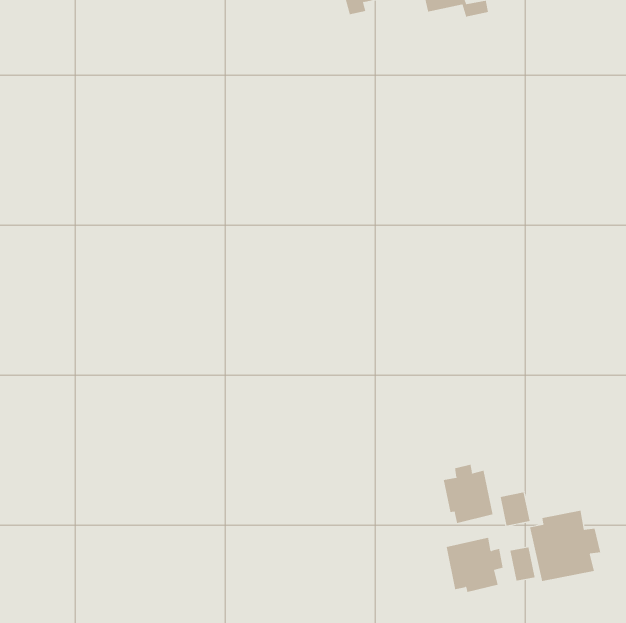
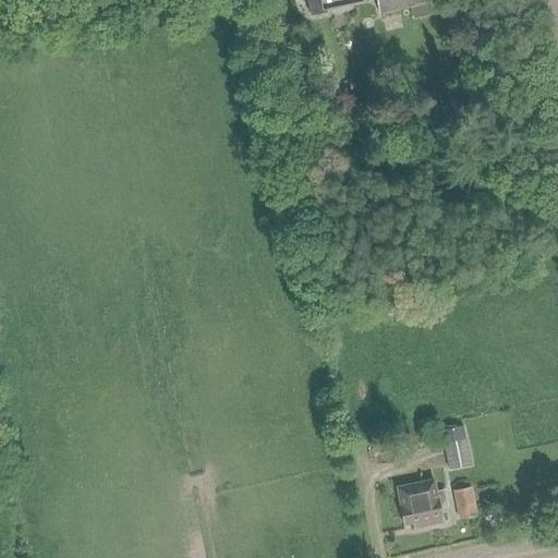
building: [443,464,493,524] -> none
building: [529,510,601,582] -> none

